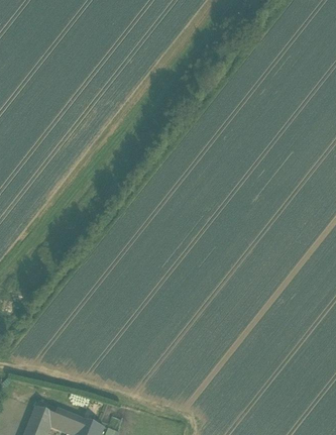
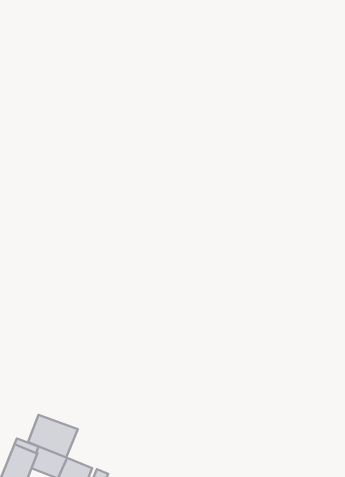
building: none -> [28,415,78,458]

